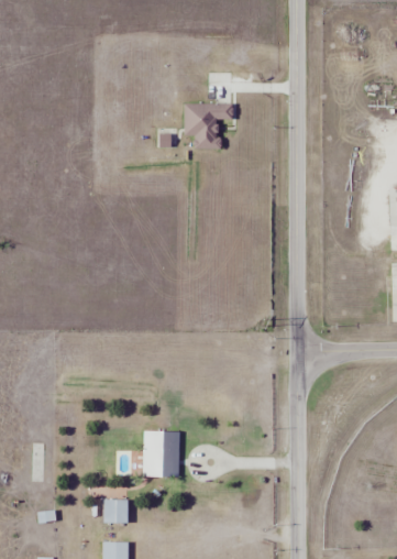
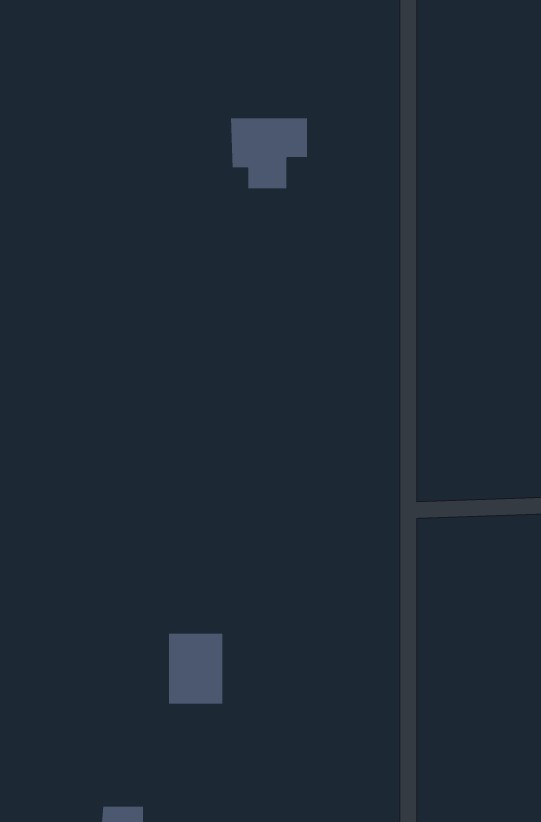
building: [106,500,128,524] -> none

